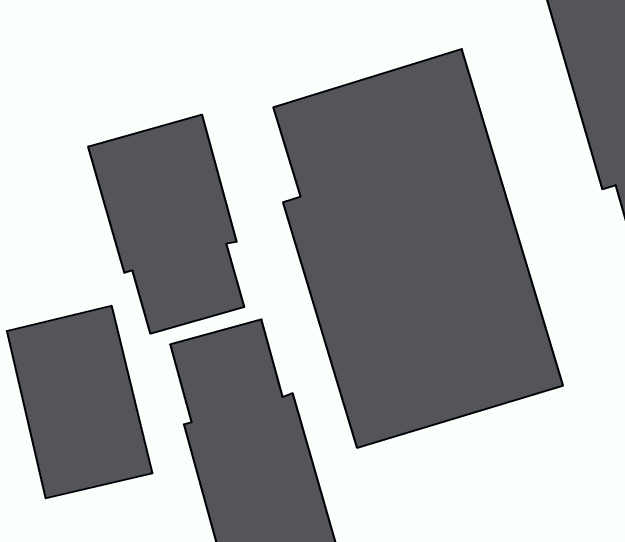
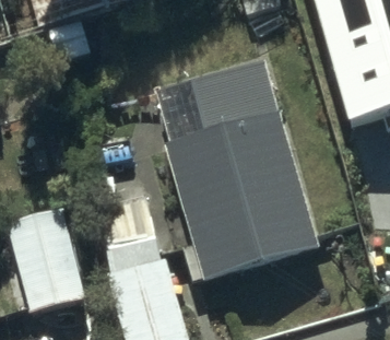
building: [88,115,244,334] -> none

